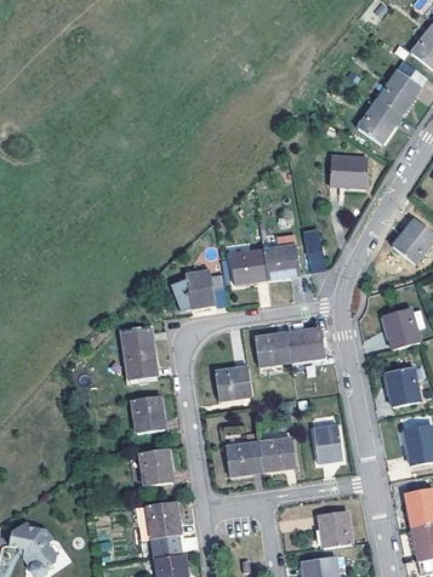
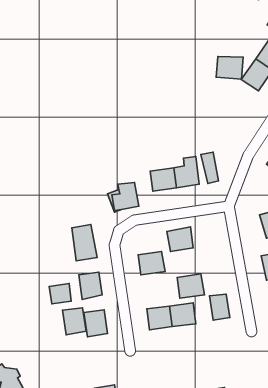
building: [329,155,366,187] -> [216,56,243,79]
building: [286,327,324,361] -> [177,274,204,298]
building: none -> [49,284,71,304]
building: [147,501,180,538] -> [63,308,86,335]
building: [319,510,351,547] -> none

